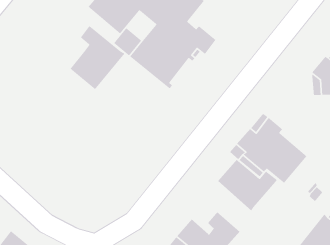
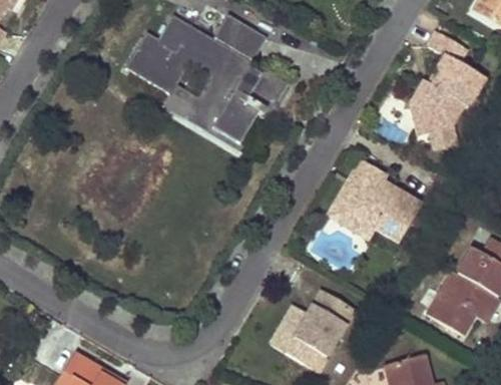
building: [70,25,125,90] -> none
building: [217,159,278,211] -> none

